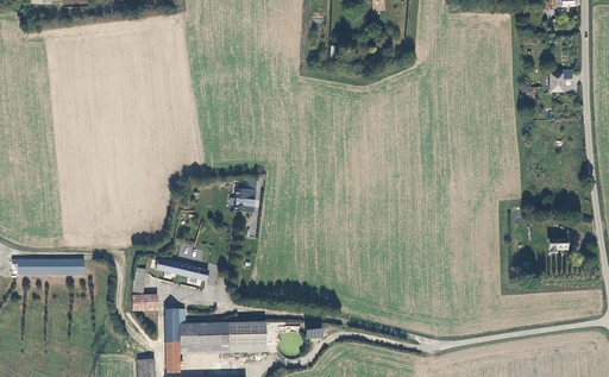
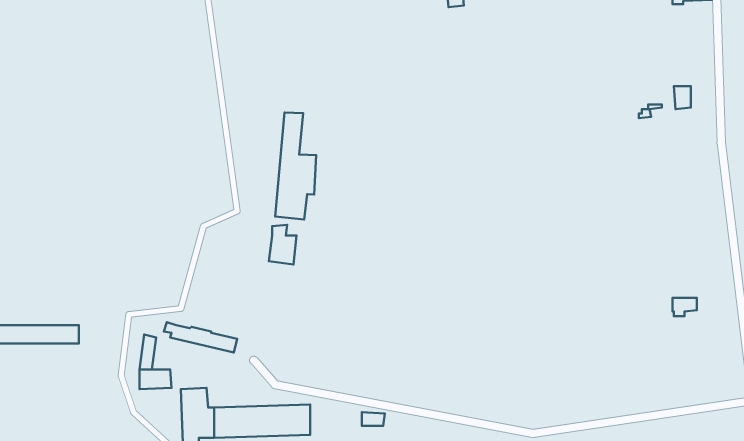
building: none -> [275,112,316,220]

